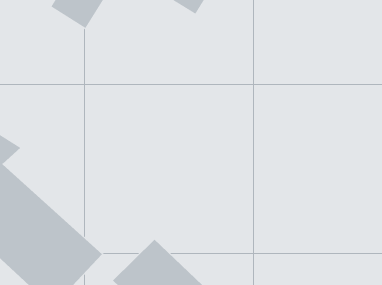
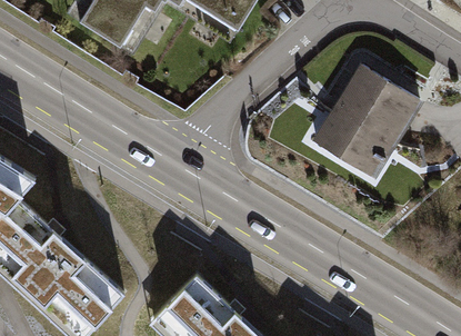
building: none -> [312,60,424,178]

